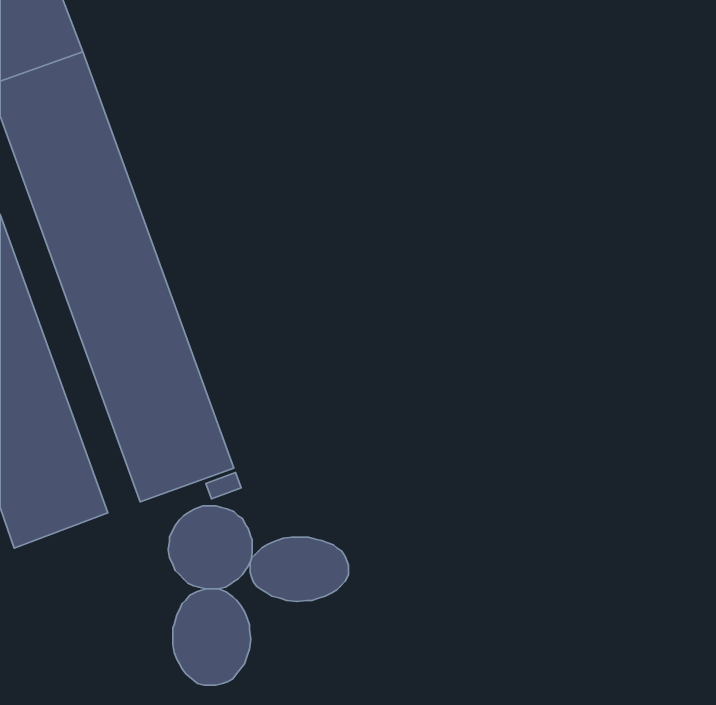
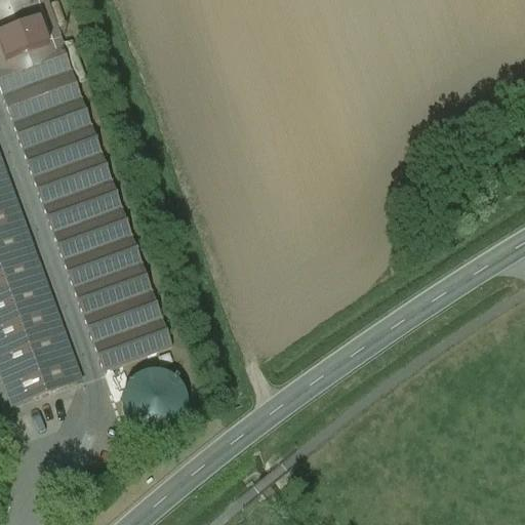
building: [250,537,348,602] -> none
building: [173,589,251,685] -> none

